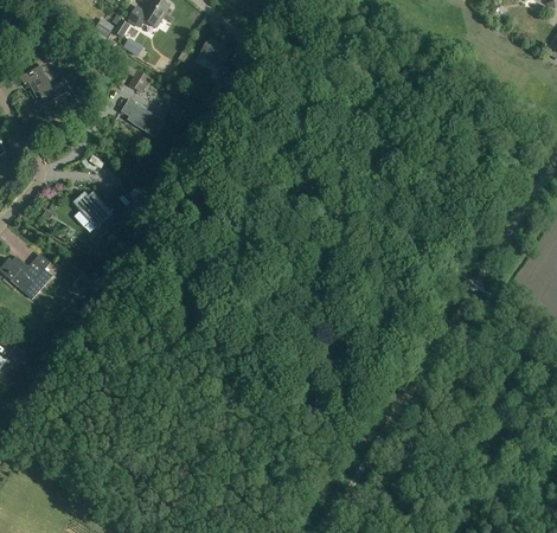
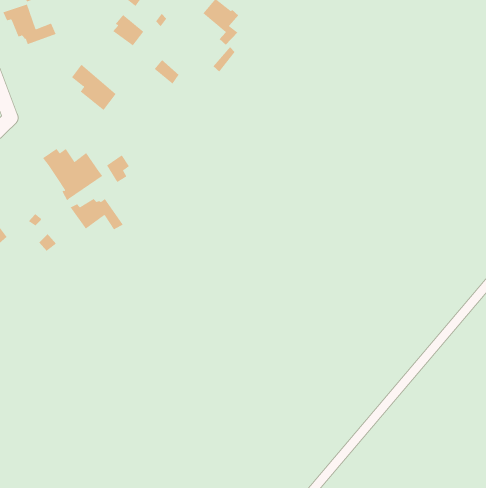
building: [121,97,164,136] -> [71,64,117,111]
building: none -> [70,198,123,230]

